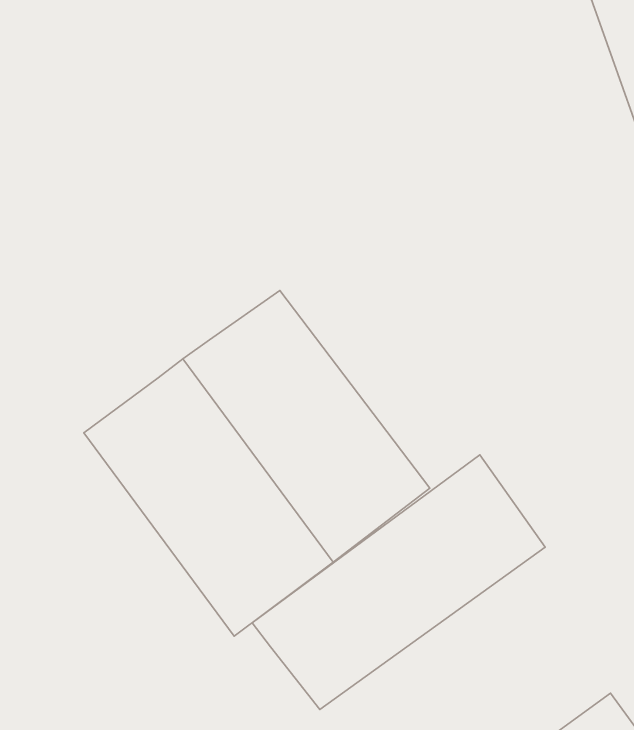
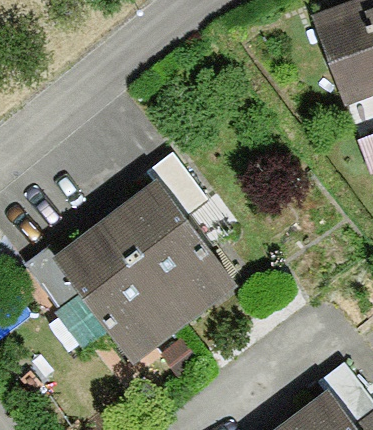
building: [252,455,545,710] -> none

